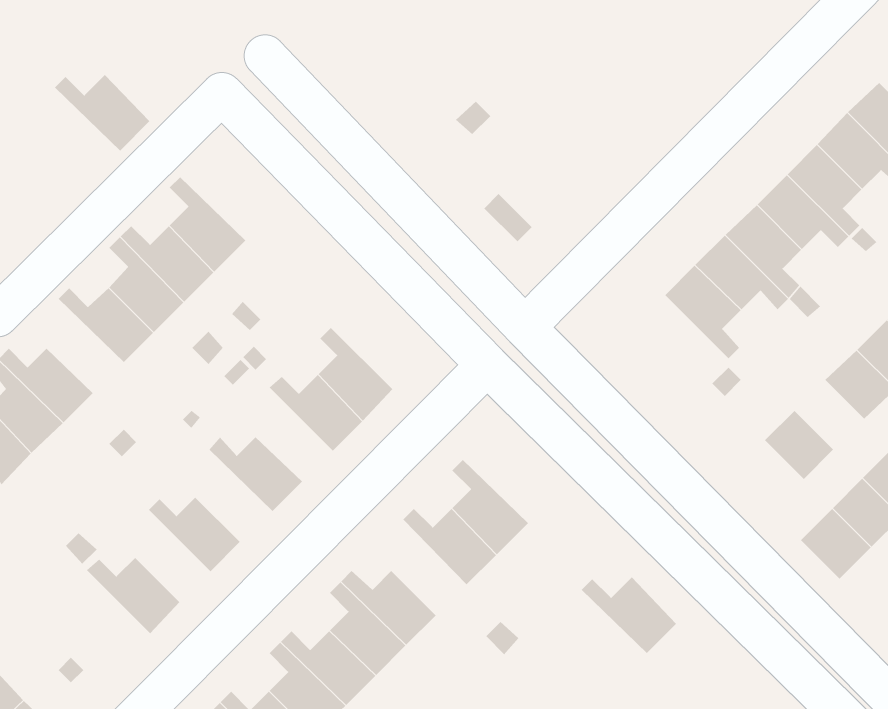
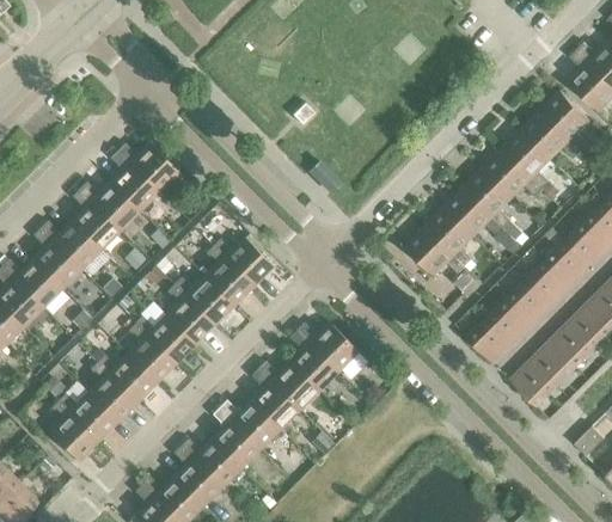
building: [54,74,150,151] -> [117,142,178,191]
building: none -> [404,226,465,275]
building: none -> [32,228,81,288]
building: none -> [213,237,273,285]
building: none -> [507,280,551,324]
building: none -> [165,284,214,344]
building: none -> [467,318,513,363]
building: none -> [127,324,176,382]
building: none -> [88,362,136,420]
building: none -> [251,368,299,429]
building: none -> [49,400,98,460]
building: [581,577,677,654] -> [296,321,357,370]

